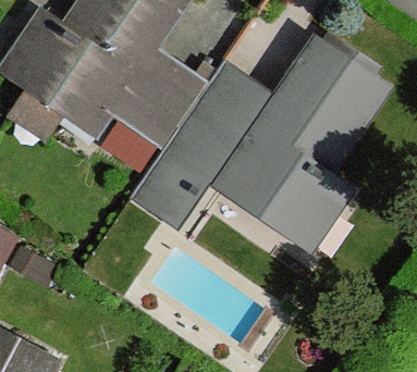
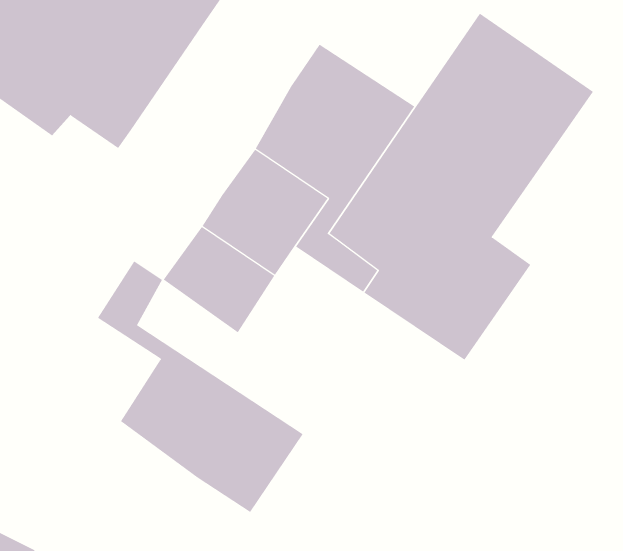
building: [111,49,206,149] -> none
building: none -> [97,261,304,513]

